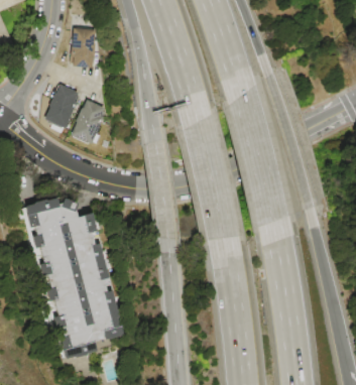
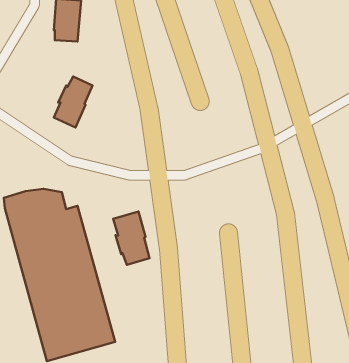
building: [44,83,78,127] -> none
building: none -> [113,212,149,265]

